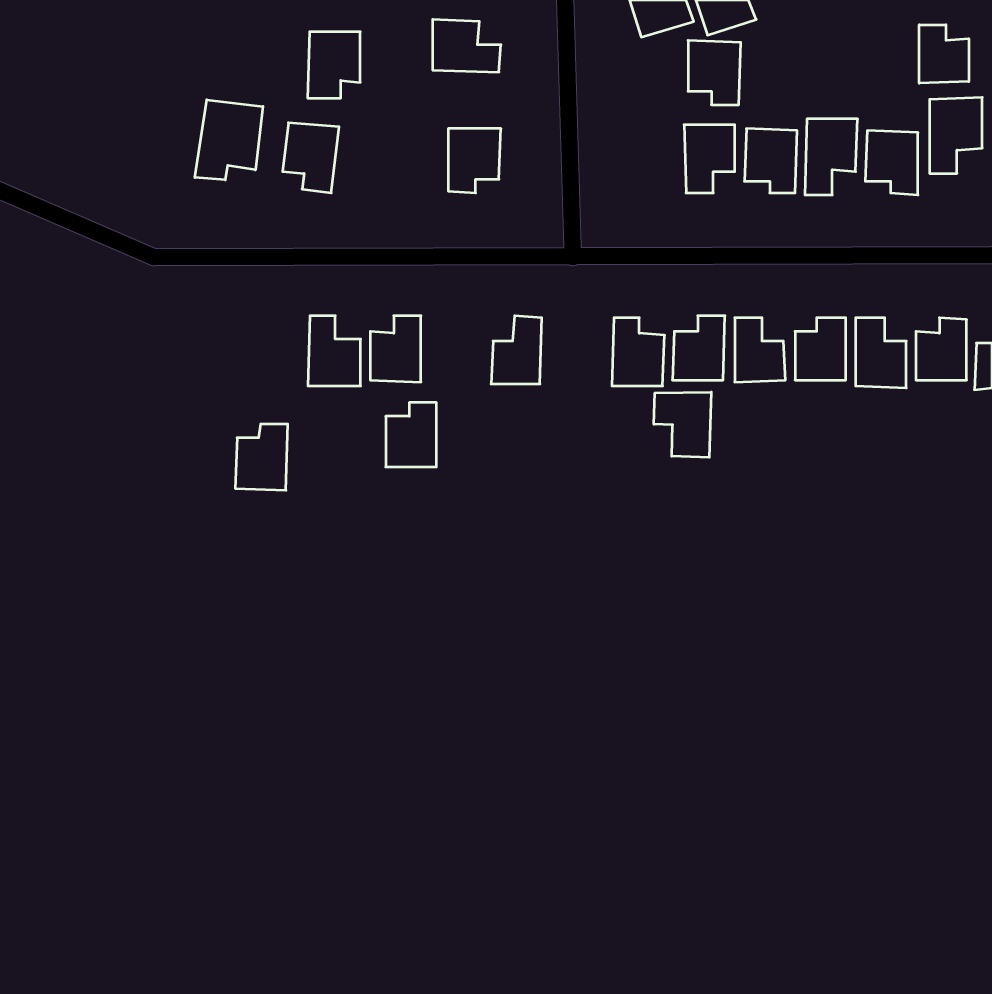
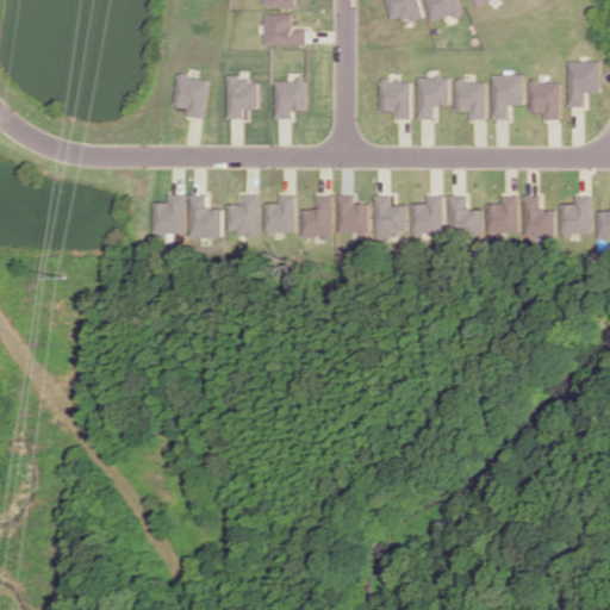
building: [919,25,969,83] -> none
building: [308,32,360,98] -> [225,79,257,119]
building: [688,40,741,105] -> [380,80,412,119]
building: [195,100,263,180] -> none
building: none -> [337,194,368,234]
building: [654,392,711,457] -> none
building: [386,403,436,467] -> [263,194,294,234]
building: [235,424,288,490] -> [151,194,183,235]

